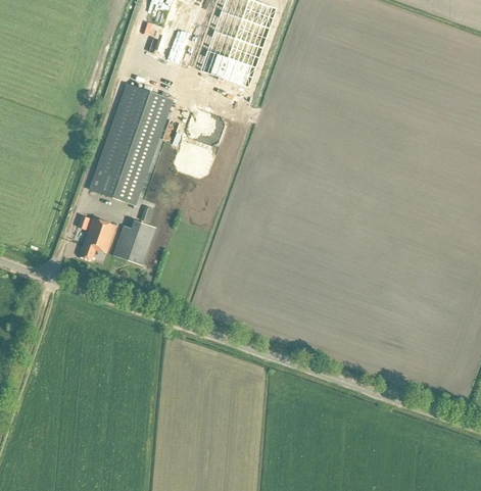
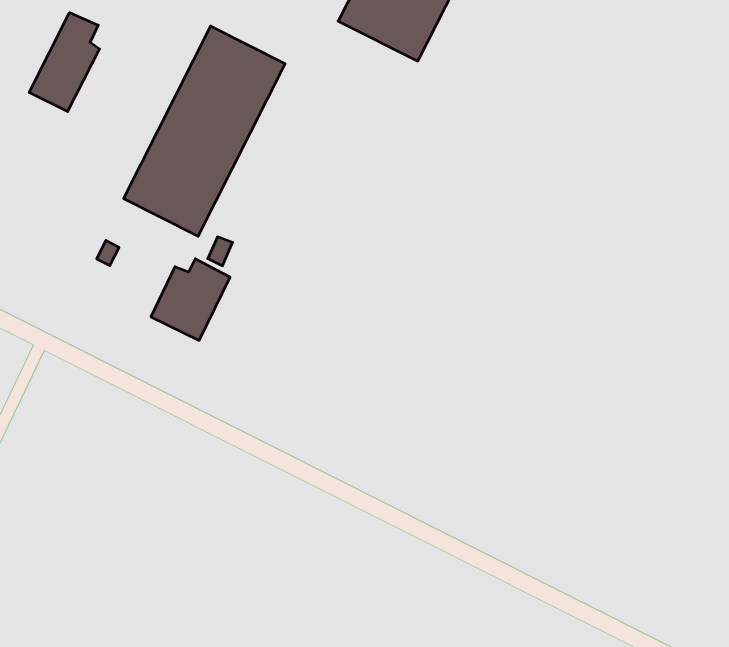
building: none -> [29,13,100,112]
building: [79,217,115,259] -> none

